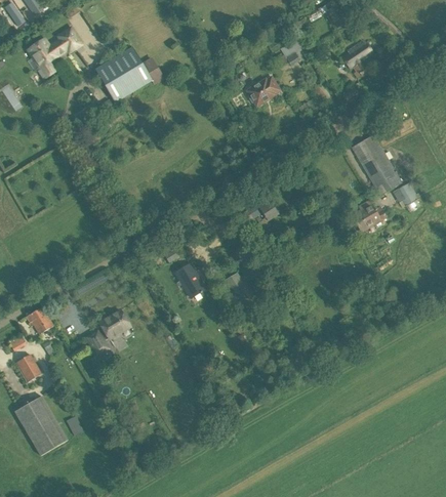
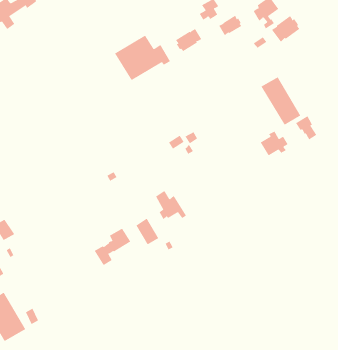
building: [93,46,162,101] -> [114,35,171,81]
building: none -> [219,15,242,36]
building: none -> [271,15,300,43]
building: [175,263,204,296] -> [135,218,159,245]
building: [86,308,131,355] -> [94,228,131,266]

